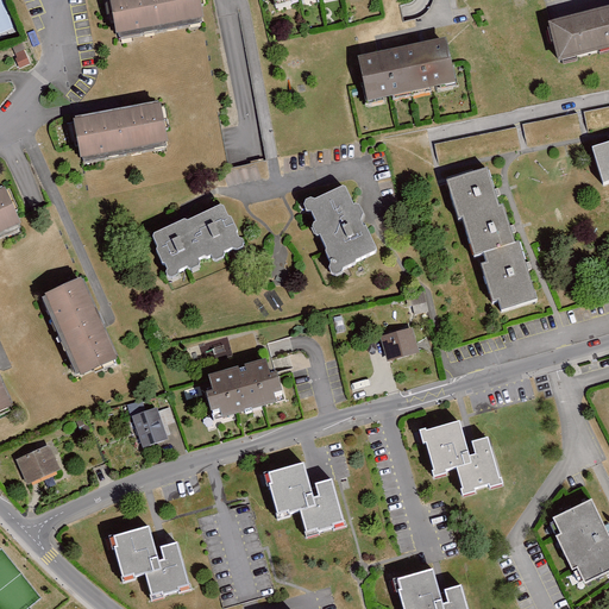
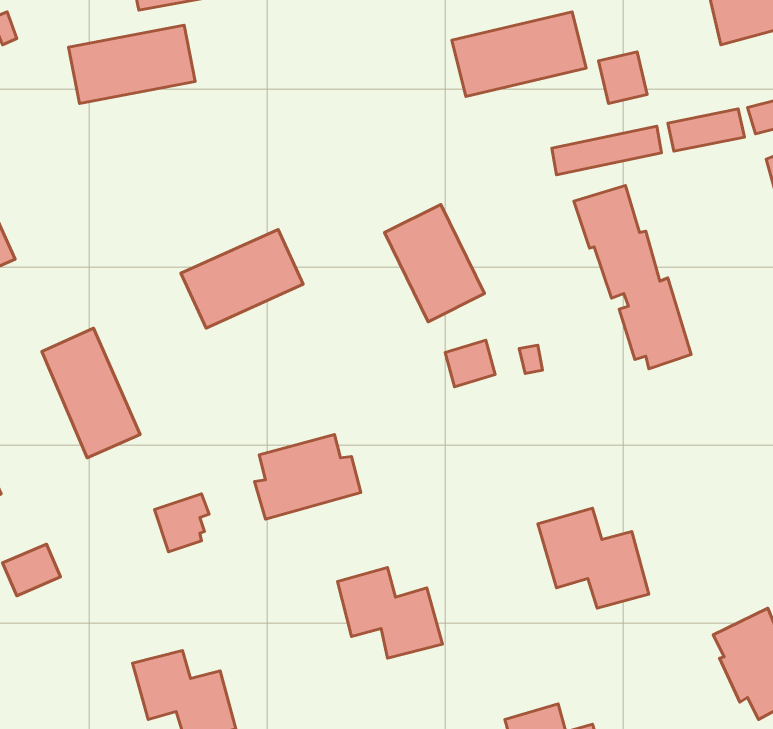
building: none -> [599,52,647,104]
building: [70,102,167,162] -> [68,25,195,104]
building: [377,328,415,364] -> [445,340,495,387]

